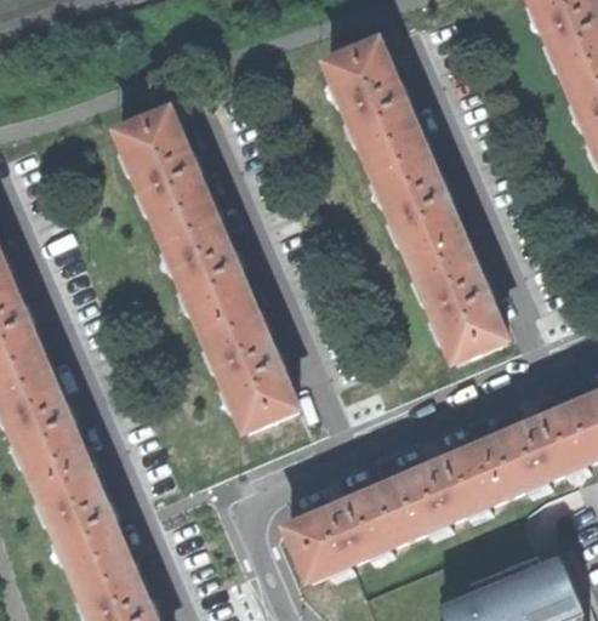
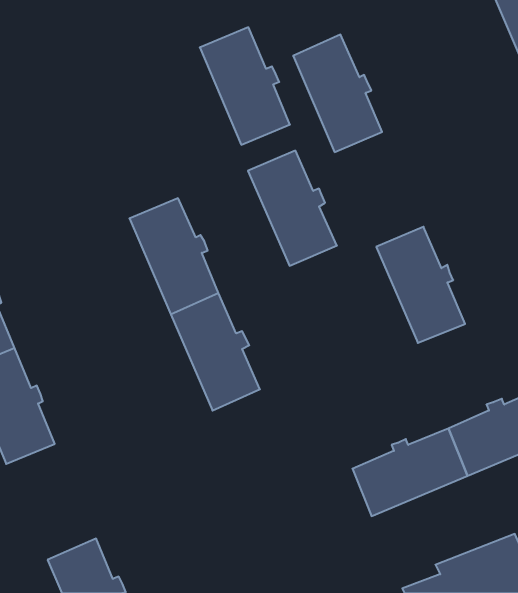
building: [118,112,210,232] -> [200,27,290,145]
building: [370,143,461,261] -> [248,151,337,266]
building: [34,462,126,581] -> none
building: [289,488,408,579] -> none

